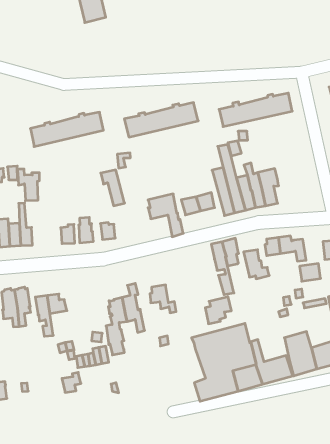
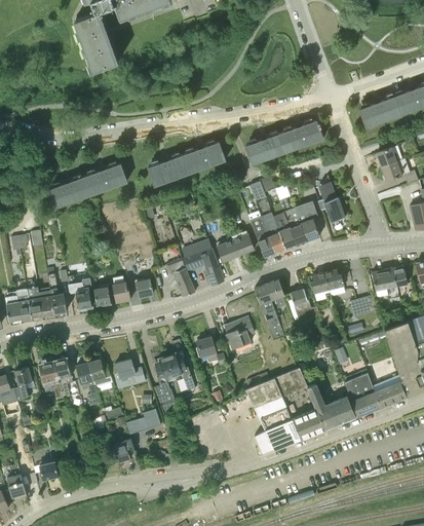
building: none -> [318,182,345,222]
building: [17,169,39,201] -> [67,276,92,309]
building: [101,170,125,206] -> [166,259,195,297]
building: none -> [115,359,146,383]
building: [205,297,231,324] -> [227,318,255,349]

